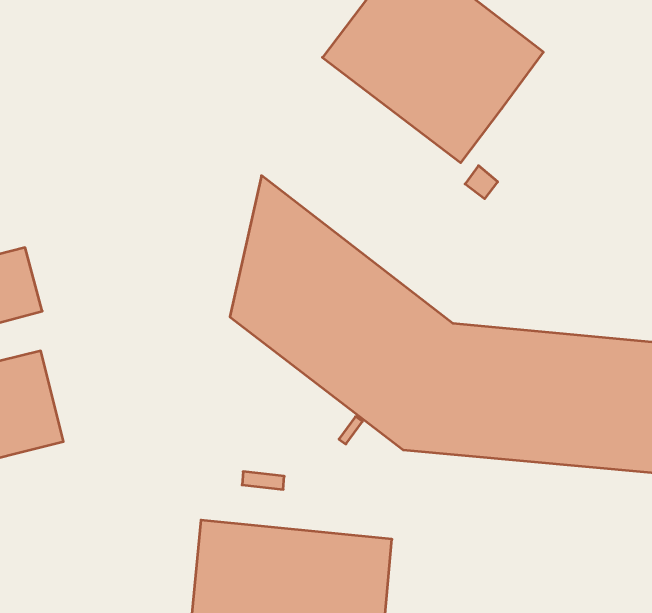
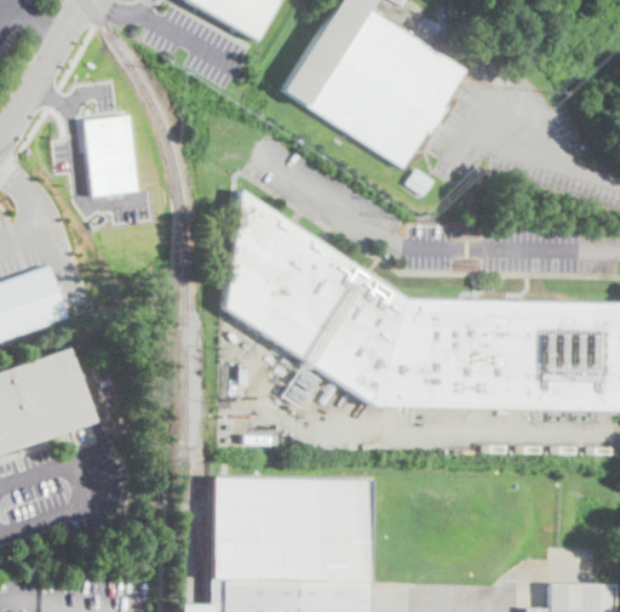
building: none -> [85,113,139,195]

